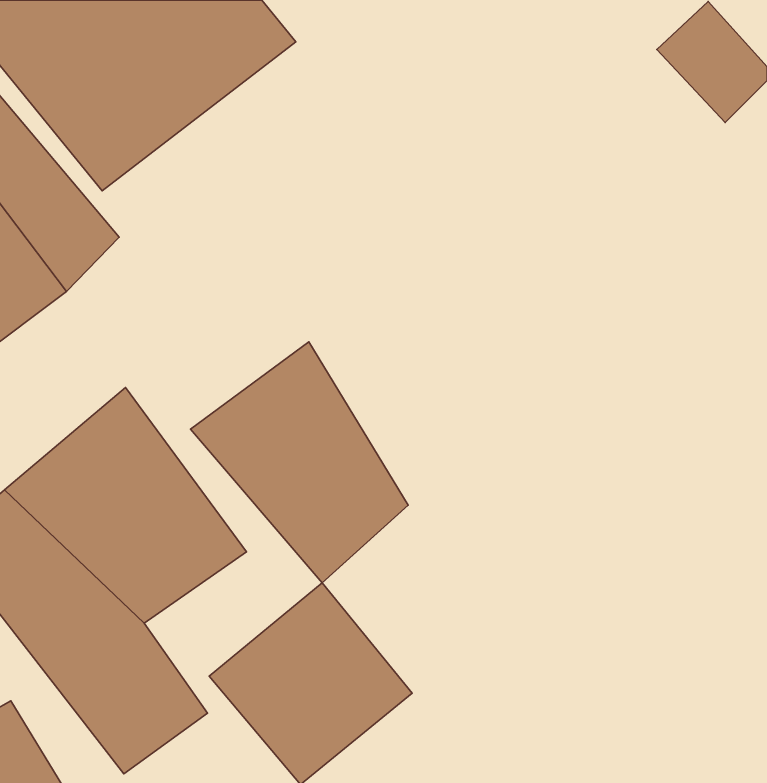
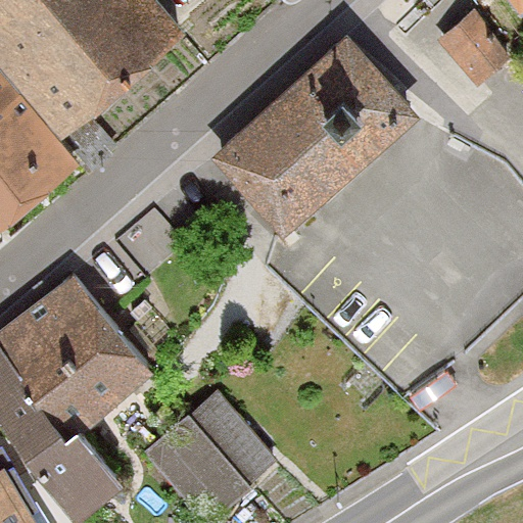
building: none -> [209,35,424,239]
building: [190,342,408,583] -> none

